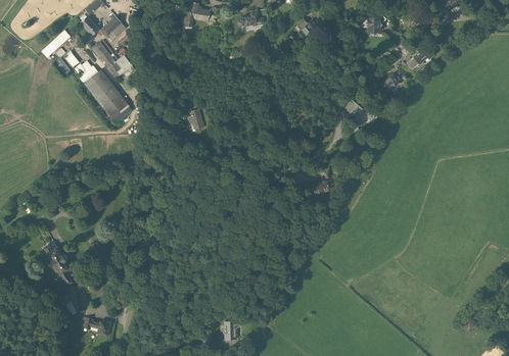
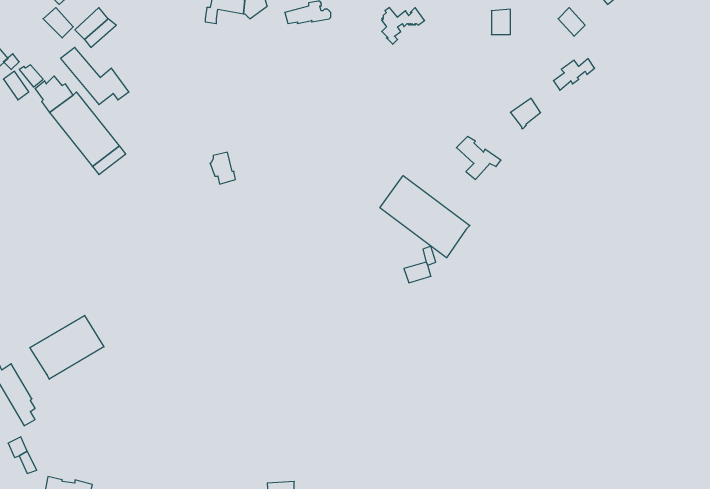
building: none -> [380,176,470,258]
building: none -> [30,315,104,379]

